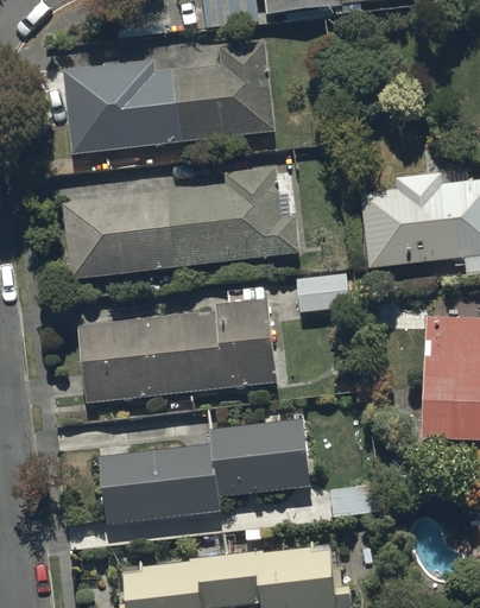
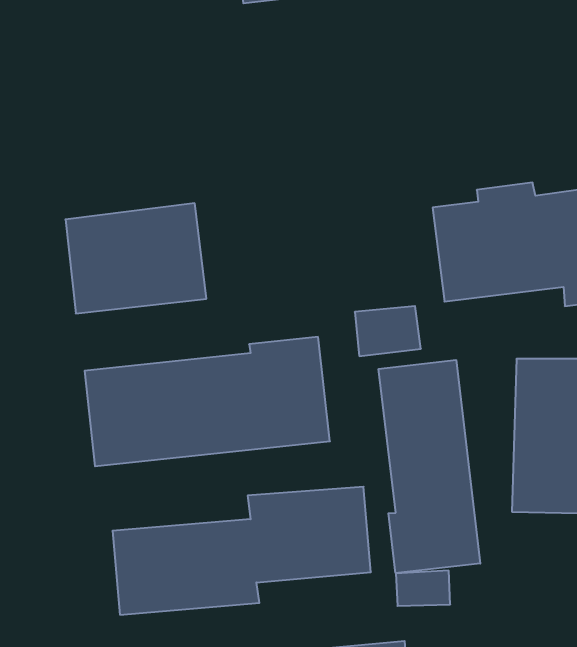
building: [62,42,274,154] -> none
building: [166,167,298,267] -> none
building: none -> [379,360,480,573]

